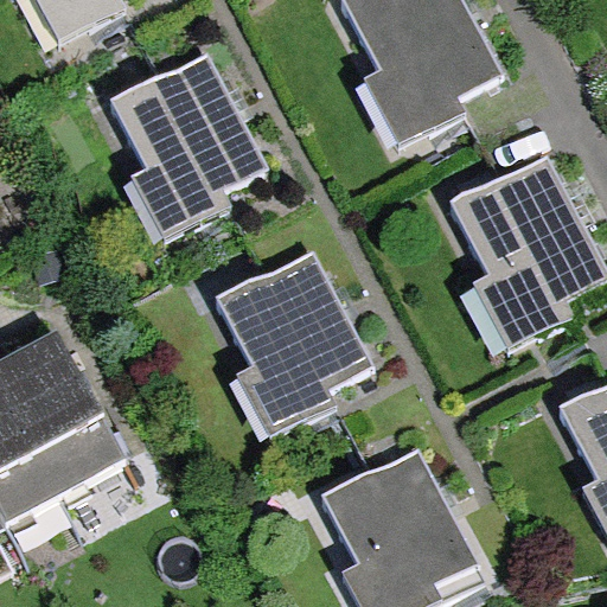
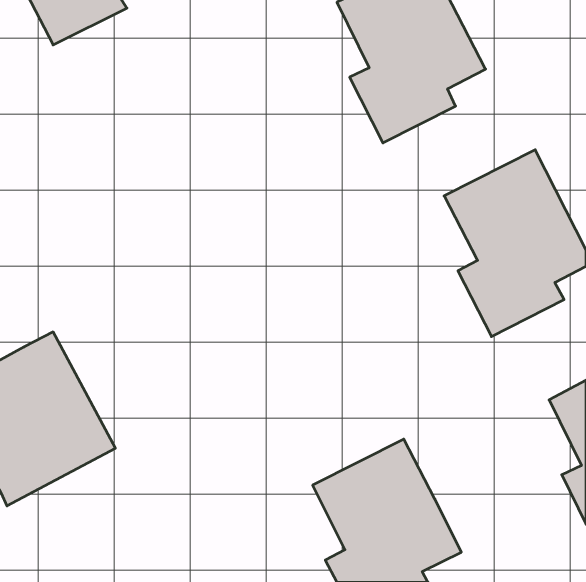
building: [114,49,267,242] -> none
building: [218,251,371,443] -> none

